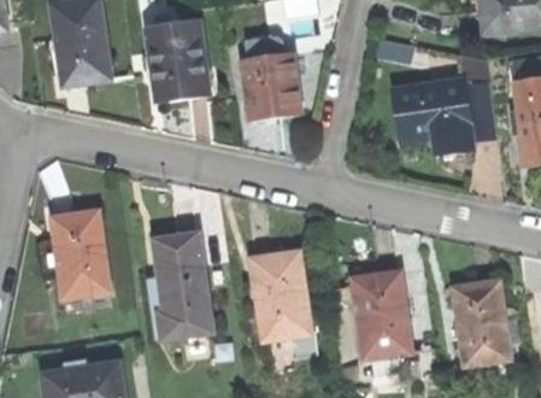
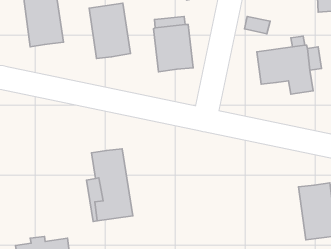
building: [51,211,108,299] -> none
building: [251,253,310,340] -> none
building: [351,273,411,359] -> none

